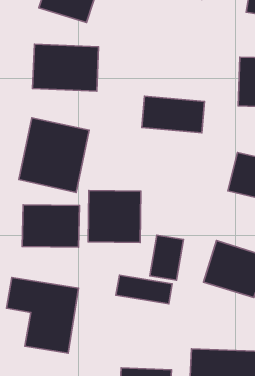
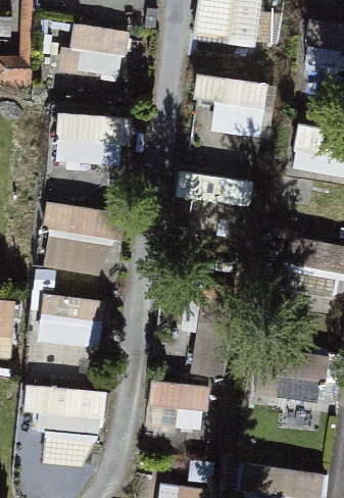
building: none -> [197,69,266,138]
building: [88,191,141,242] -> none

